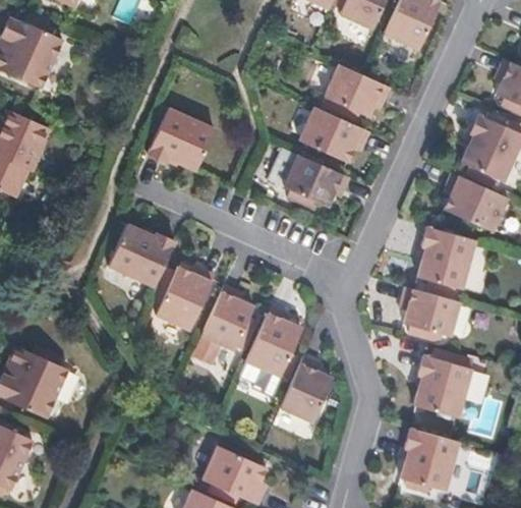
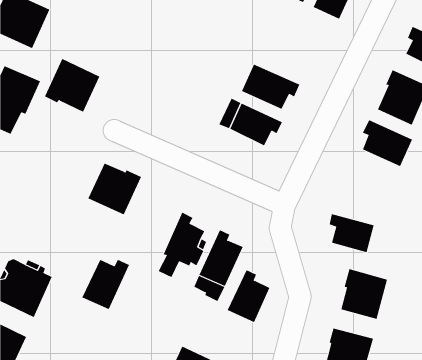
building: [322,63,389,118] -> none
building: [148,106,216,172] -> [44,58,100,112]
building: [419,227,477,287] -> none
building: [155,270,214,332] -> [82,259,130,310]

